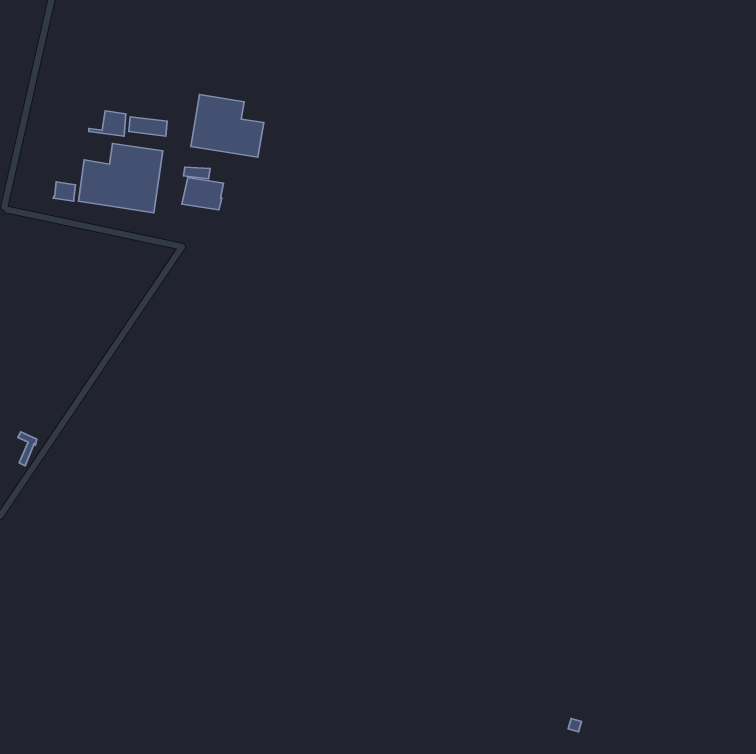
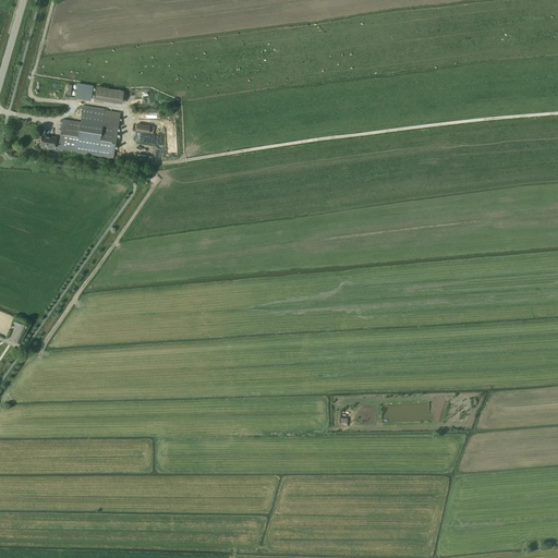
building: [191,94,264,157] -> none

